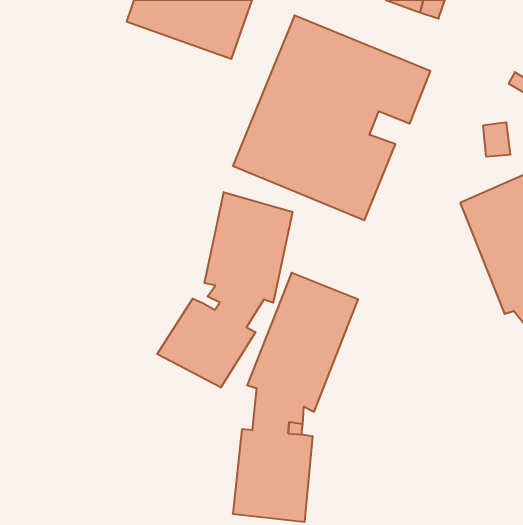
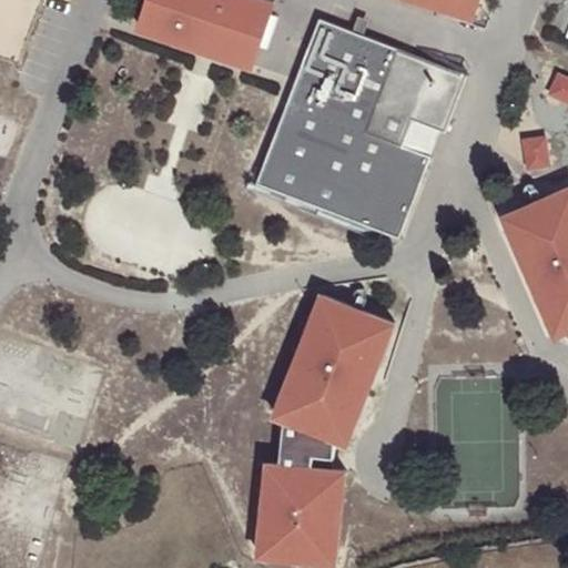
building: [157,192,292,388] -> none

